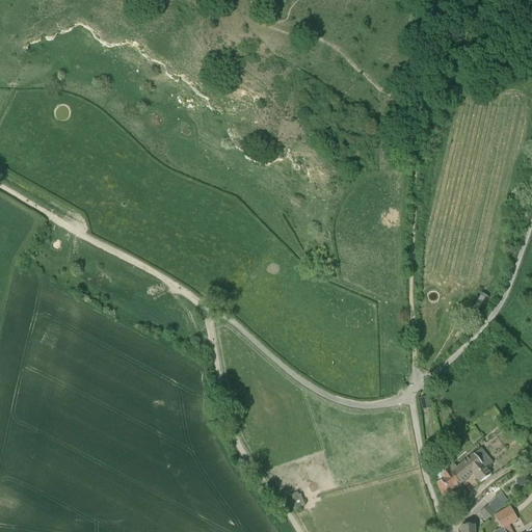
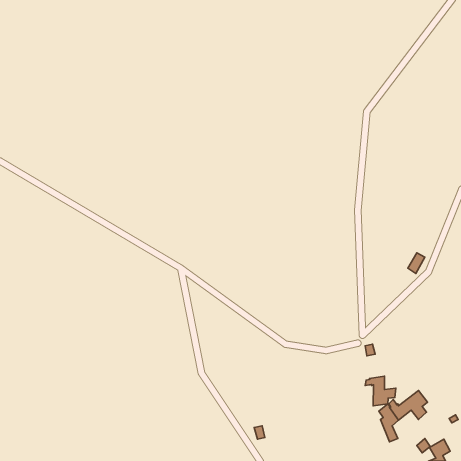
building: none -> [365,376,396,406]

